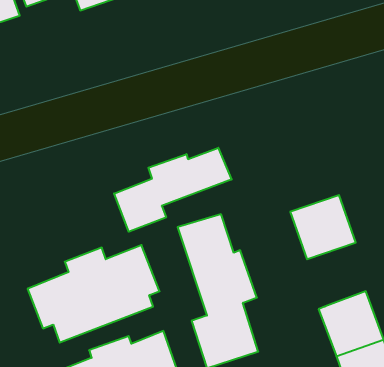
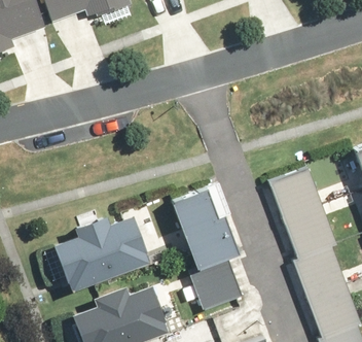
building: [114,148,232,232] -> none
building: none -> [281,208,333,260]

